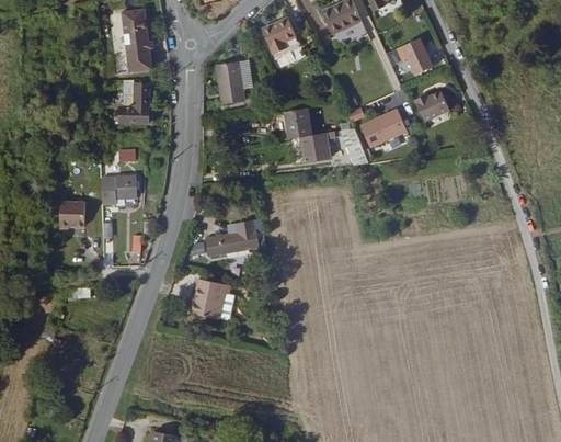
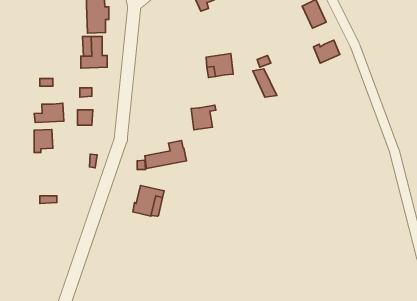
building: [219,61,244,103] -> none
building: [364,106,411,146] -> none
building: [305,131,336,162] -> [191,105,216,130]
building: none -> [34,103,64,123]

